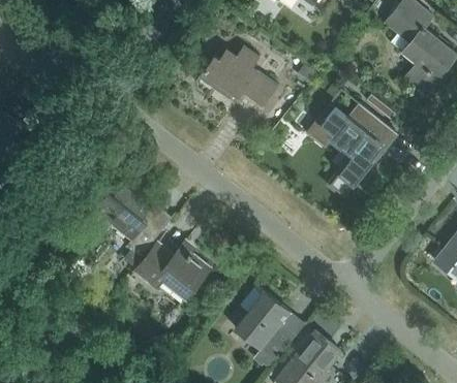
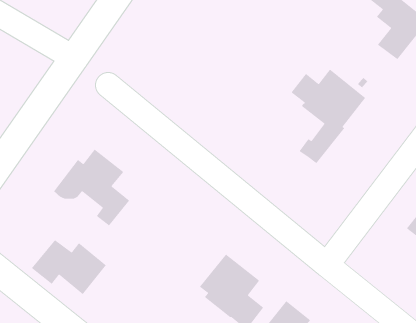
building: [201,50,277,111] -> none
building: [134,244,210,299] -> [31,239,107,295]

